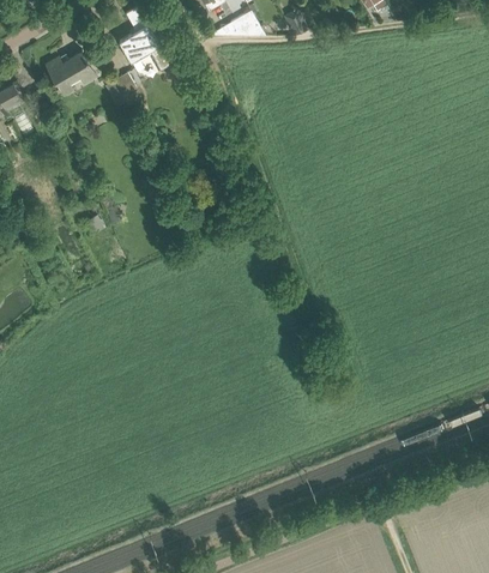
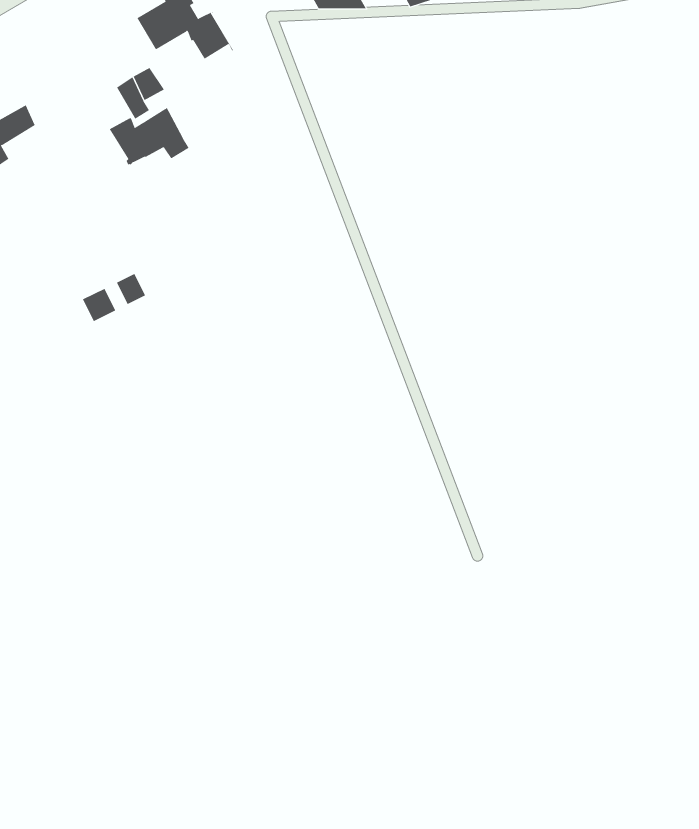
building: [44,49,96,86] -> [109,107,189,165]

